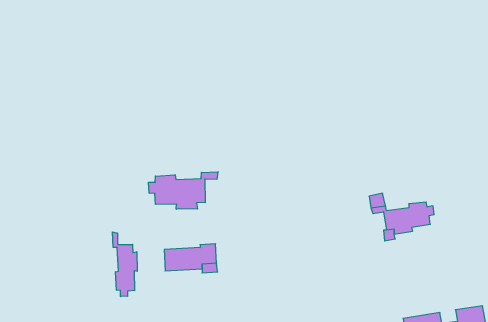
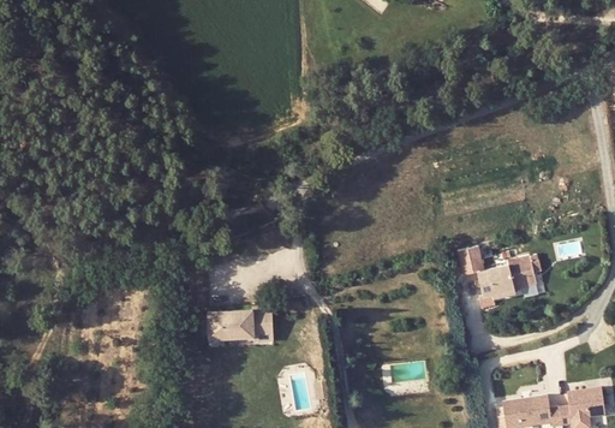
building: [149,172,218,209] -> none
building: [113,232,137,297] -> none

